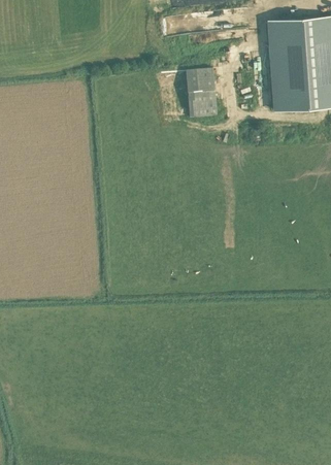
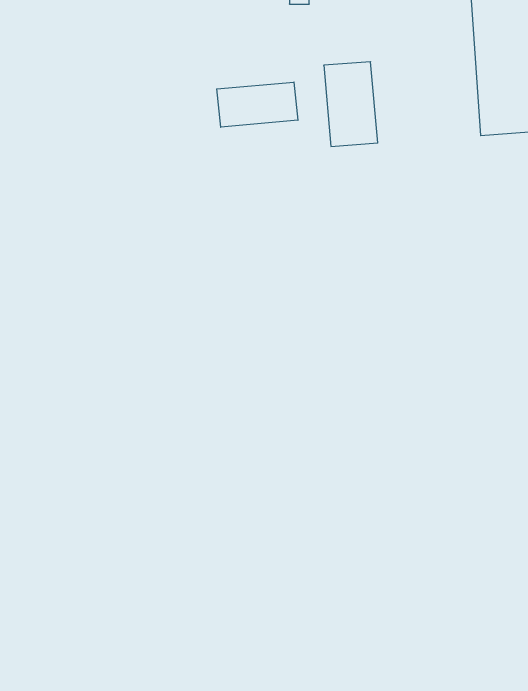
building: none -> [217,82,298,127]

